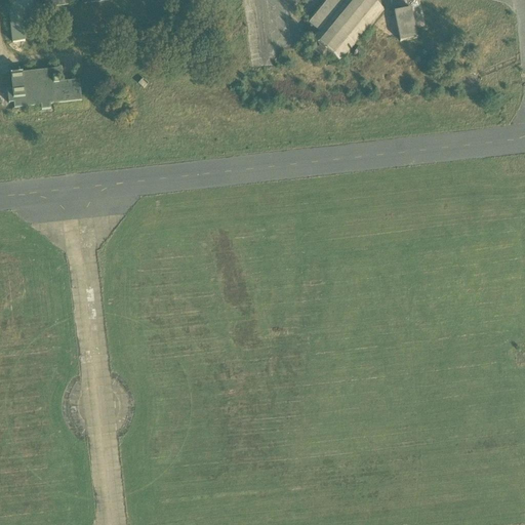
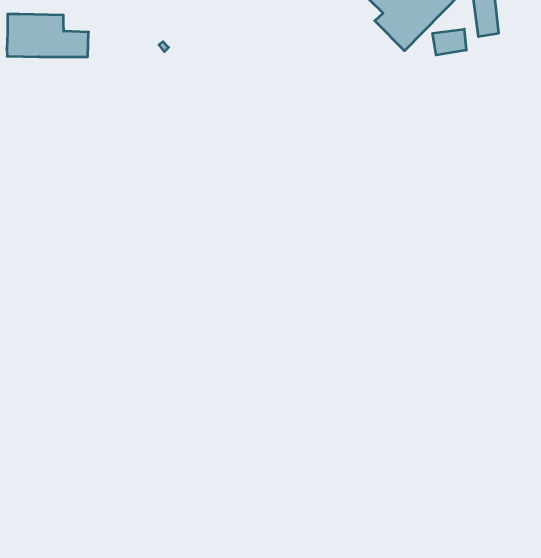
building: none -> [433,29,466,55]

